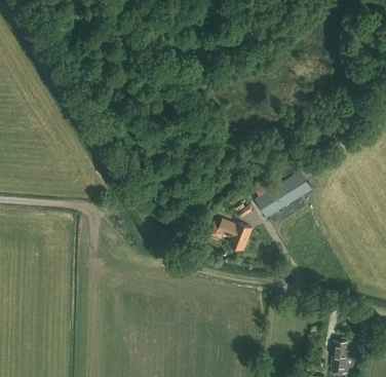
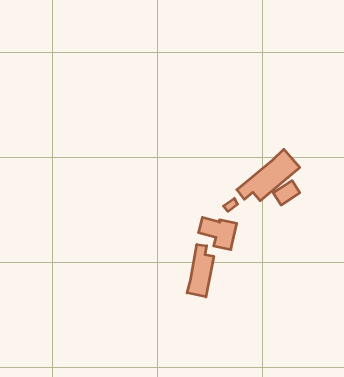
building: none -> [187,244,214,297]

